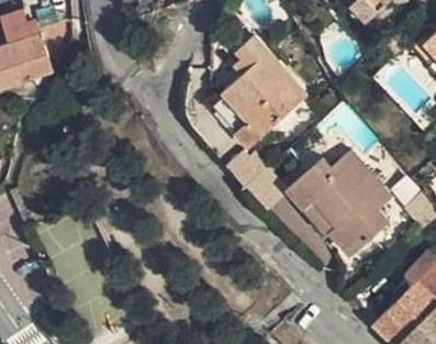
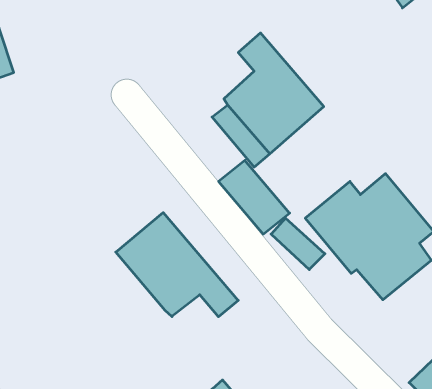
building: none -> [116,213,238,317]

